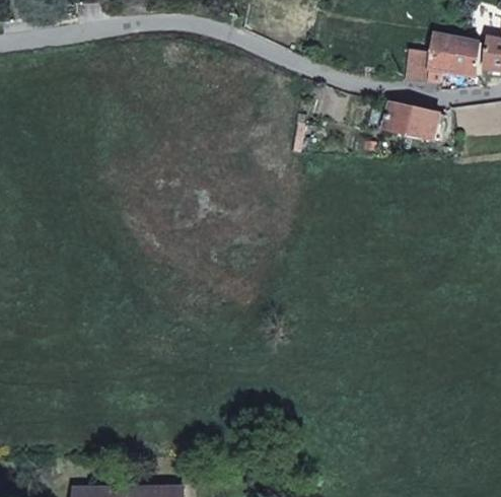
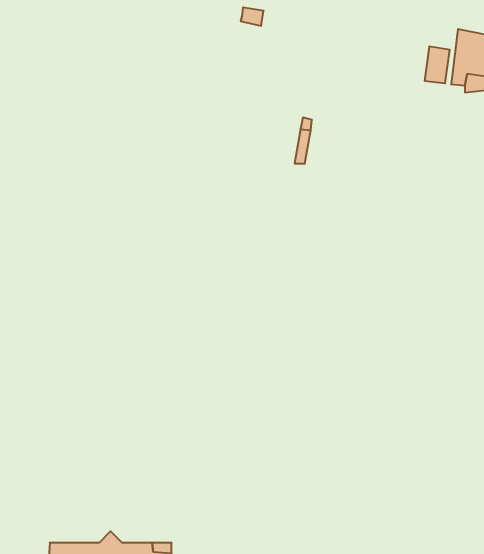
building: [381,101,441,140] -> none

